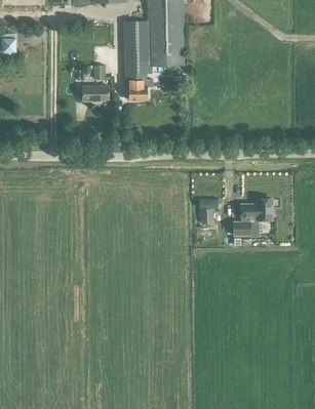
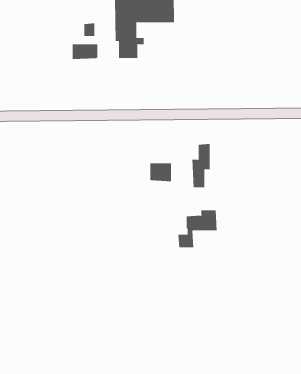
building: [234,198,273,235] -> [177,210,217,248]
building: none -> [150,163,171,182]

